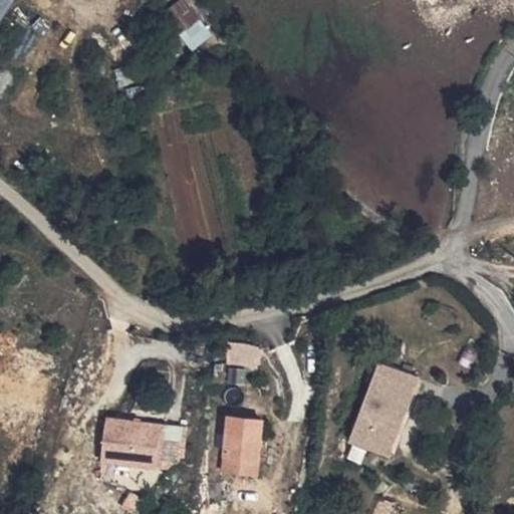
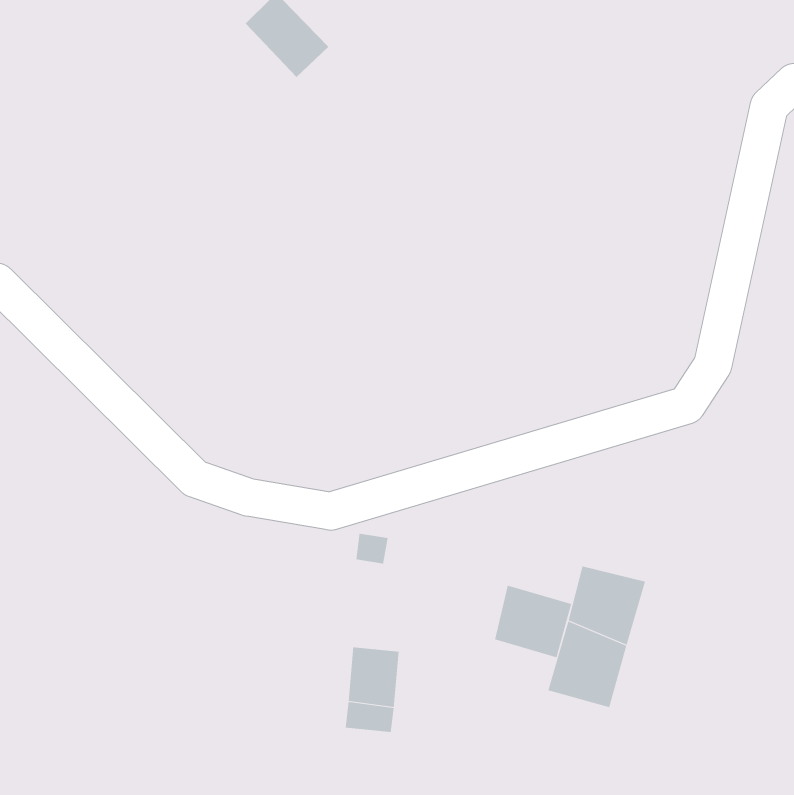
building: none -> [494,585,572,658]
building: [99,420,184,468] -> none

